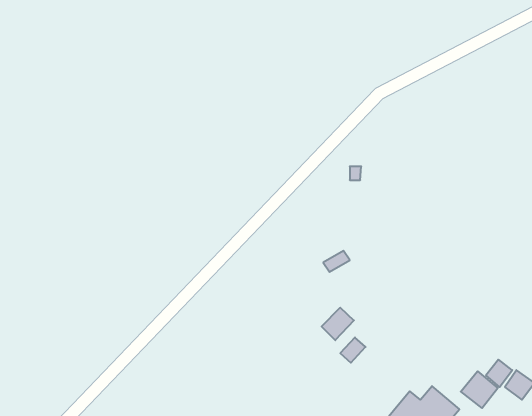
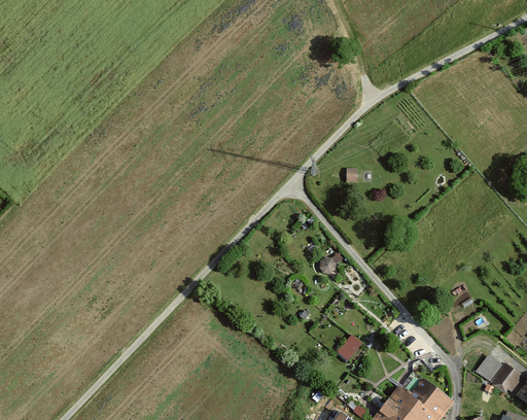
building: [322,308,354,340] -> none
building: [461,371,498,408] -> none

